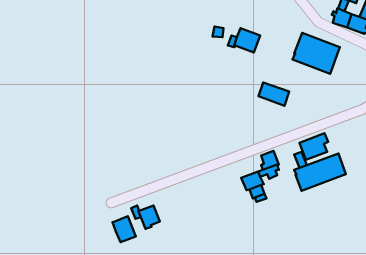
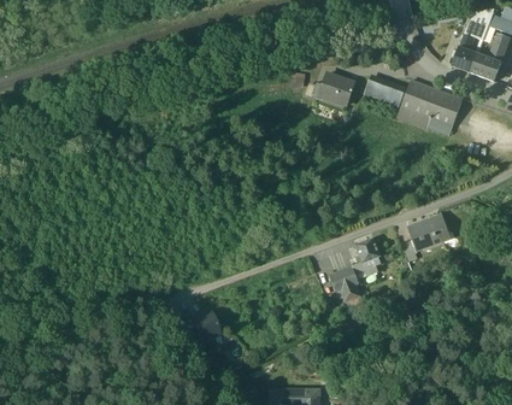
building: [259,83,289,106] -> [364,76,405,107]
building: [294,153,346,191] -> none
building: [112,216,136,242] -> none

